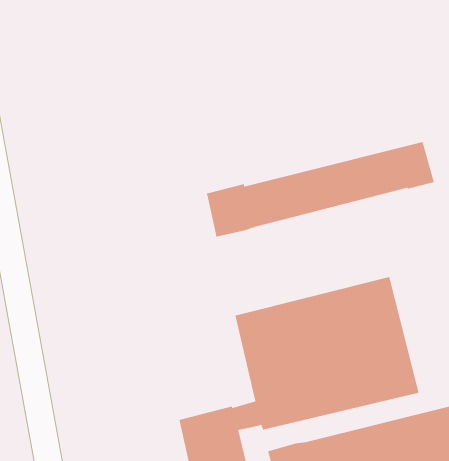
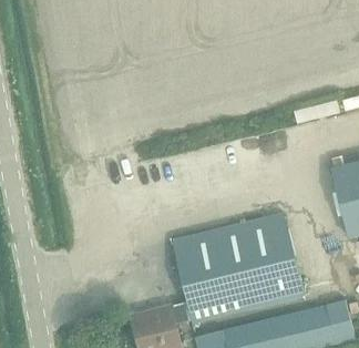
building: [206,141,435,238] -> none

